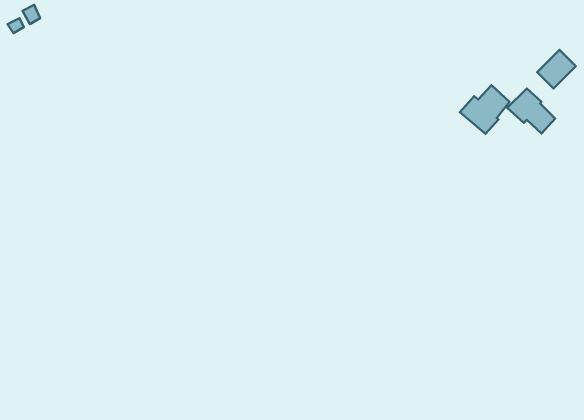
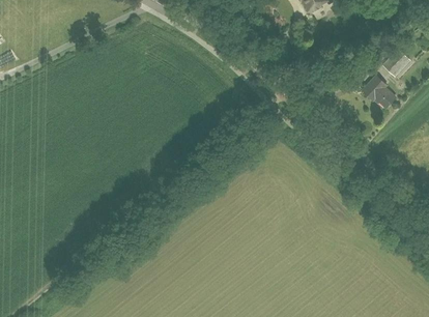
building: [460,85,510,134] -> none

